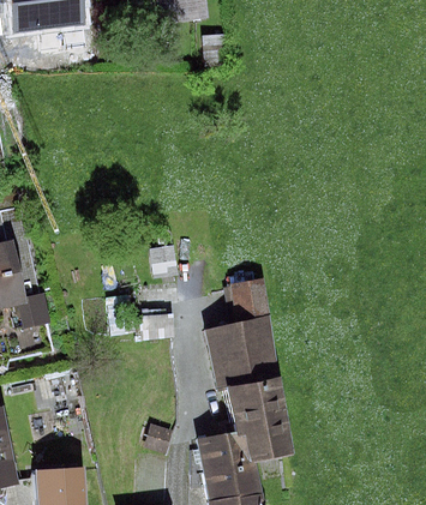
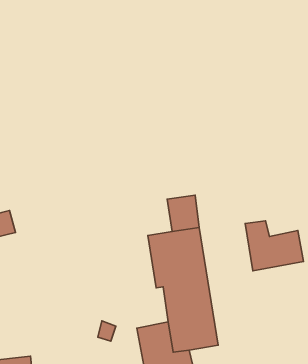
building: none -> [245,221,303,271]

